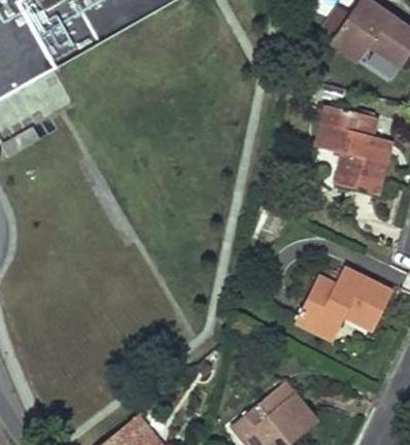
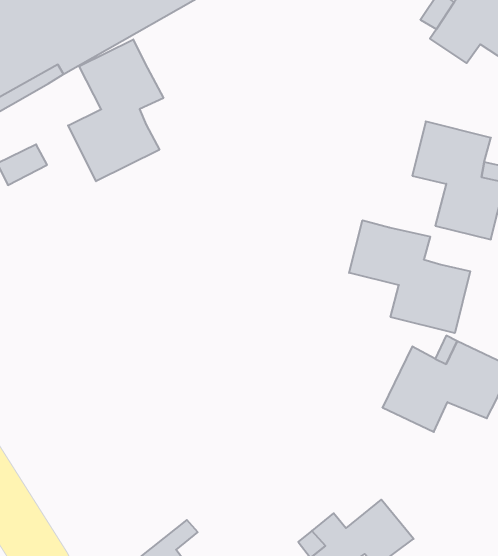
building: none -> [68,39,163,181]
building: none -> [349,220,470,333]

